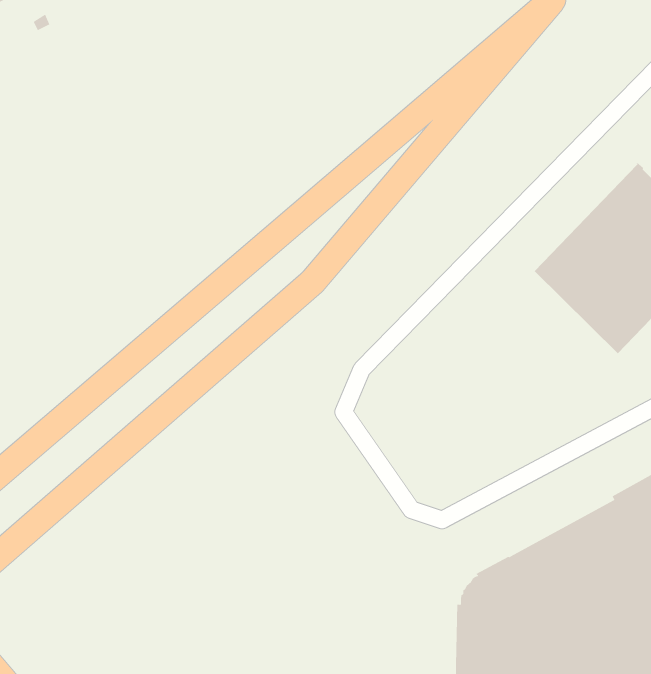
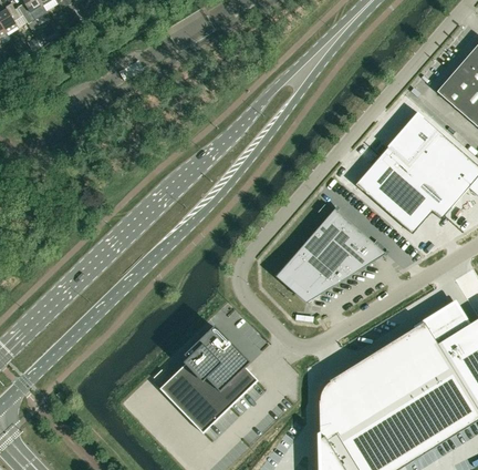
building: none -> [279,206,387,300]
building: none -> [160,326,258,431]

